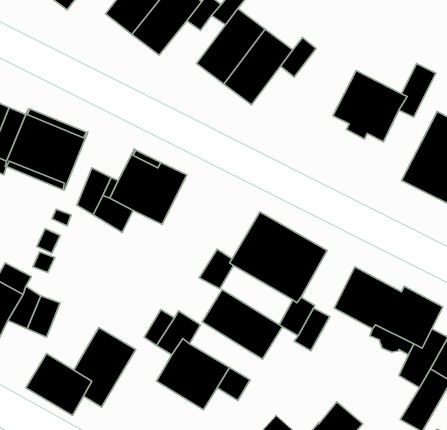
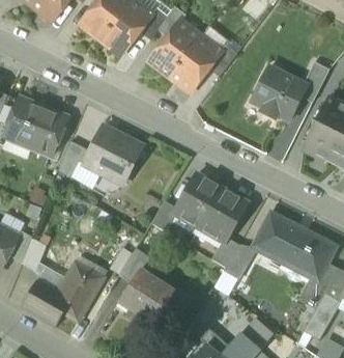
building: [202,290,283,359] -> none
building: none -> [35,260,66,293]

